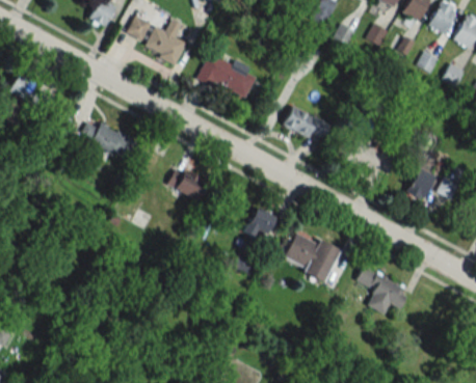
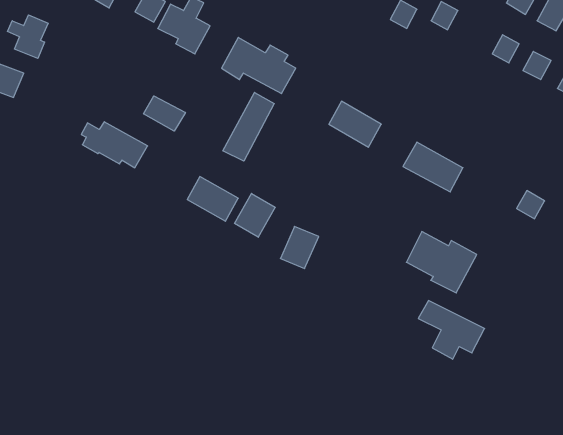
building: none -> [7,15,48,58]
building: none -> [223,92,274,161]
building: none -> [144,96,185,131]
building: [406,168,435,202] -> none
building: none -> [235,193,275,237]
building: [284,232,341,282] -> [406,232,477,293]

